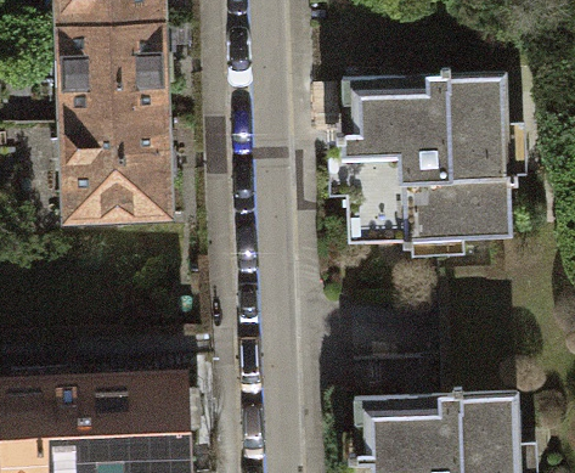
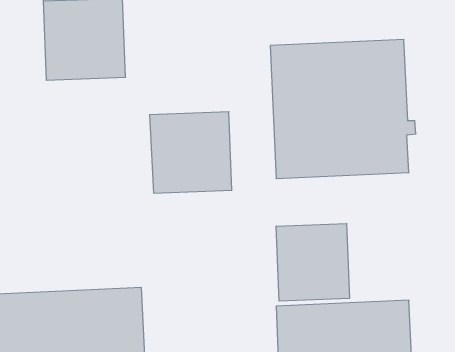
building: [68,119,169,219] -> [150,112,232,193]
building: none -> [276,223,349,301]

